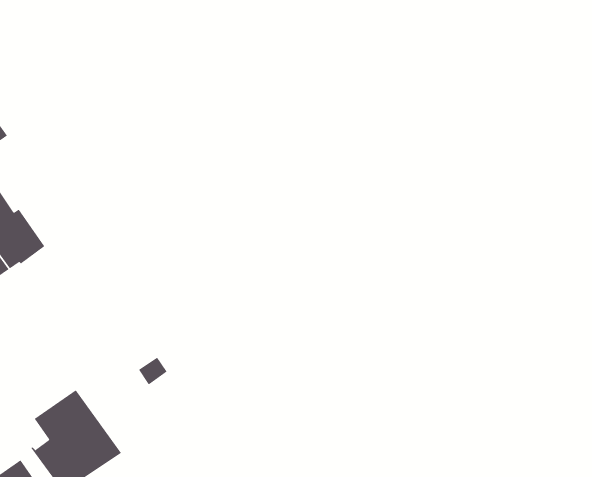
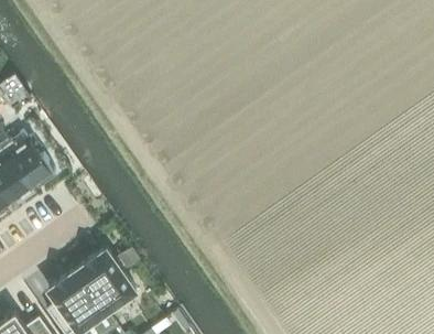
building: none -> [77,249,137,313]

